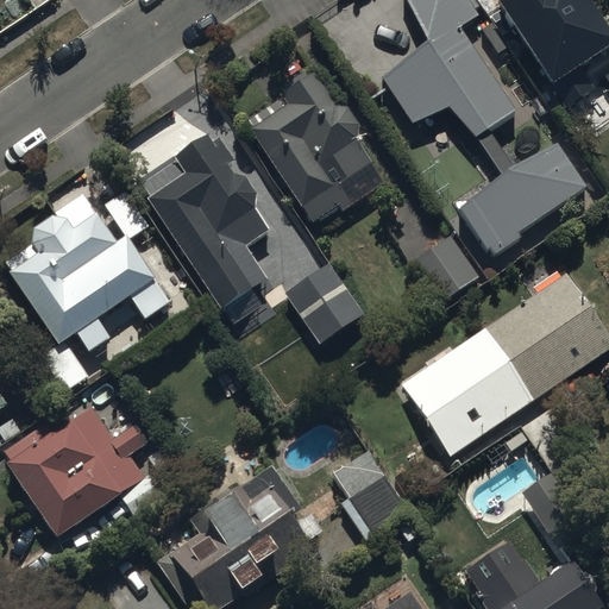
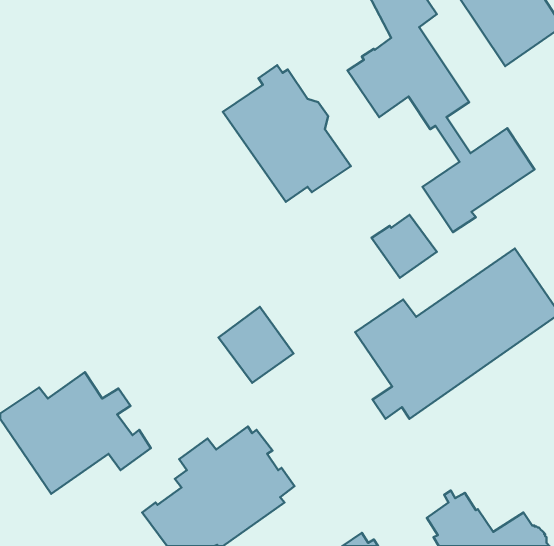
building: [137,138,271,312] -> none
building: [6,196,169,350] -> none
building: [283,262,365,345] -> [219,307,294,383]
building: [332,450,406,539] -> none

